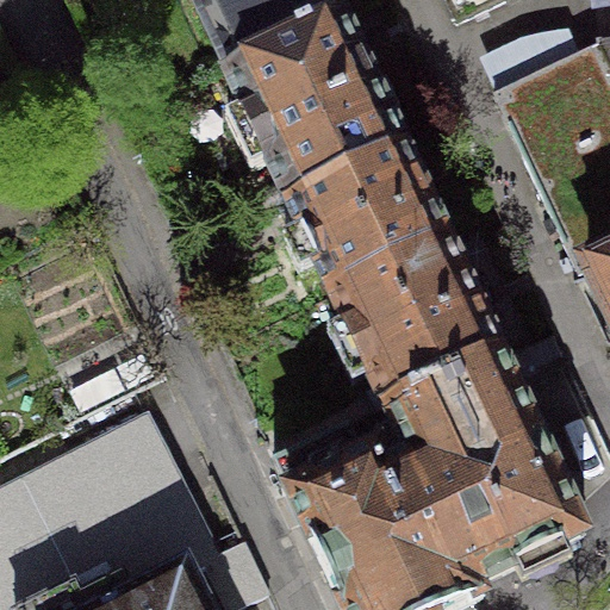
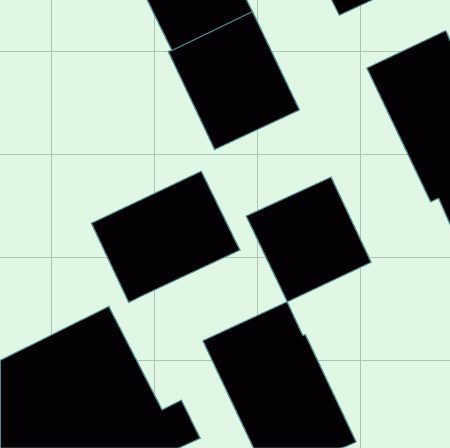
building: [292,148,449,291] -> none
building: none -> [92,171,240,302]
building: [390,353,587,595] -> none

